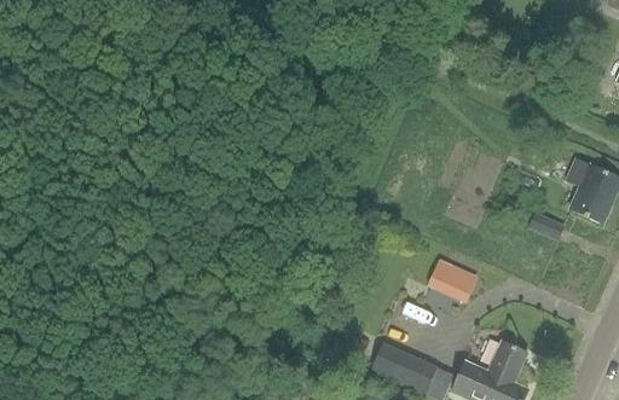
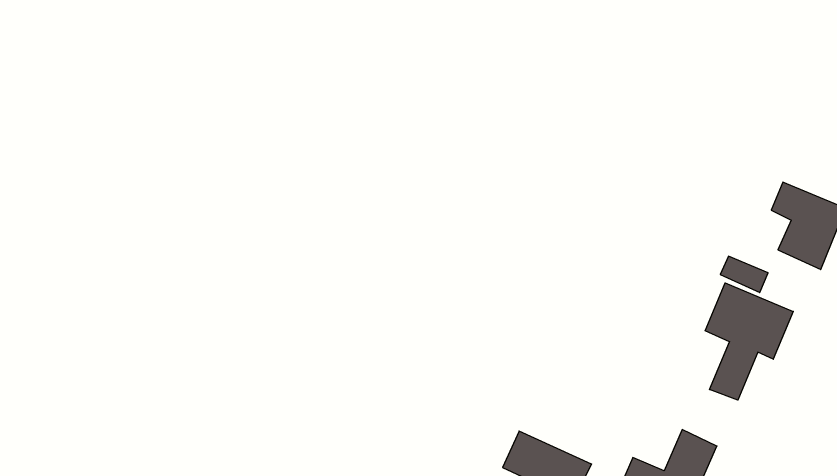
building: none -> [705,283,793,400]
building: [424,255,476,300] -> none

